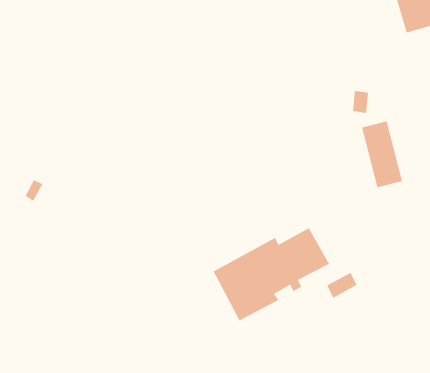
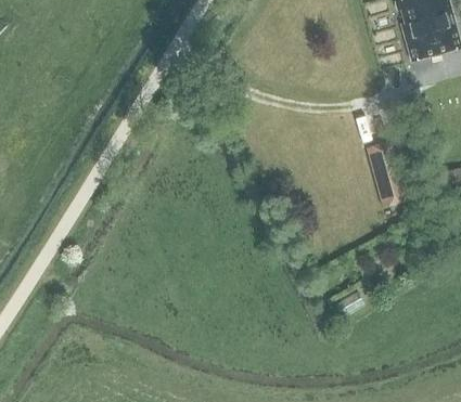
building: [212,227,330,321] -> none

